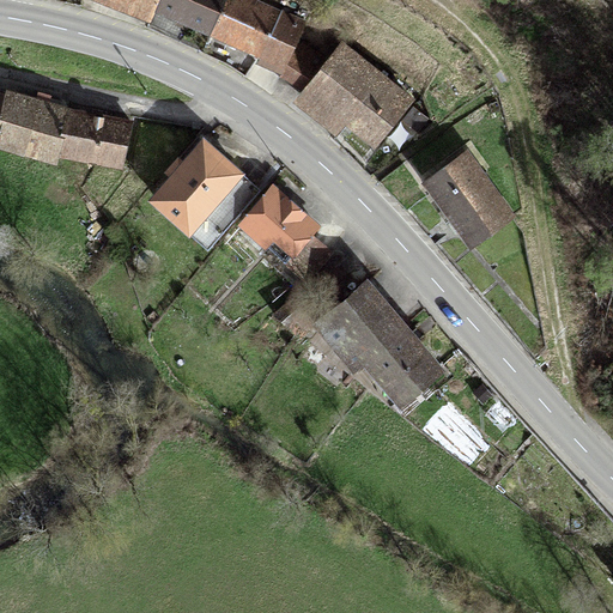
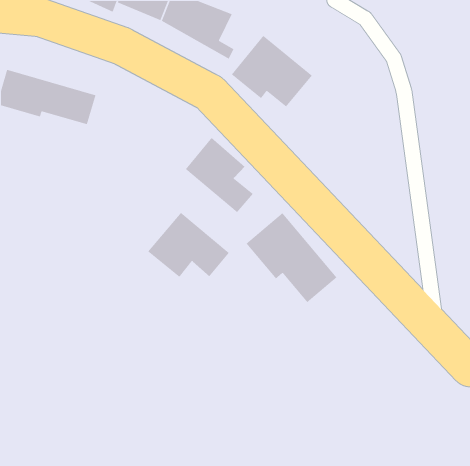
building: [152,142,237,229] -> none
building: [425,154,511,245] -> none
building: none -> [147,212,230,278]

